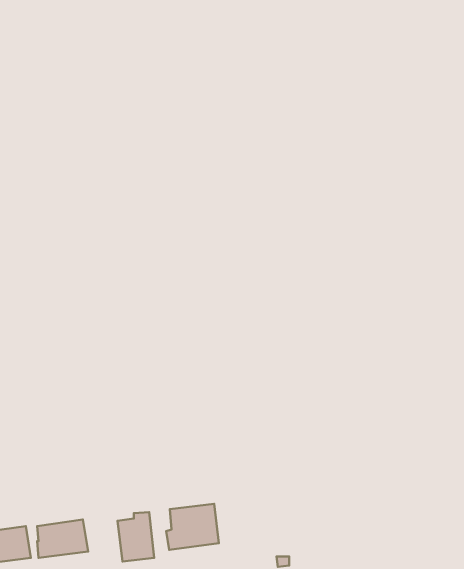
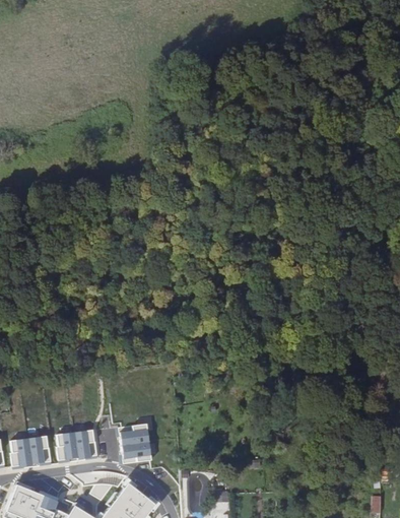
building: [166,504,219,550] -> none

